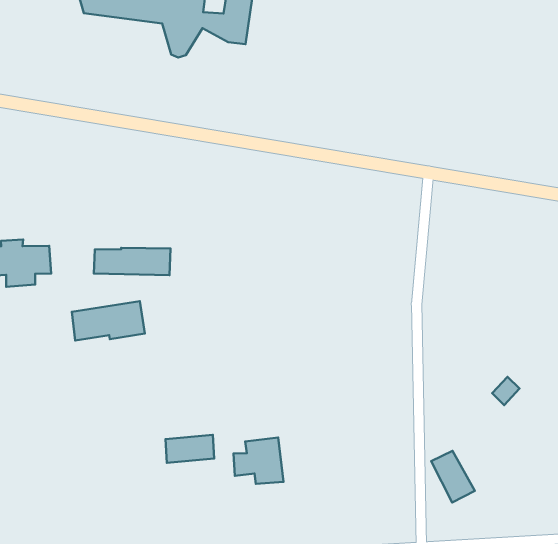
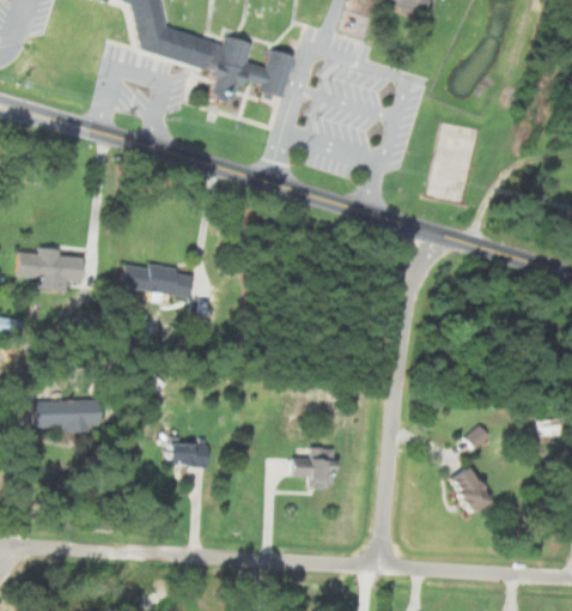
building: [72,301,145,341] -> [35,399,98,430]
building: [233,437,283,484] -> [291,447,334,488]
building: [431,451,475,503] -> [451,466,487,513]

